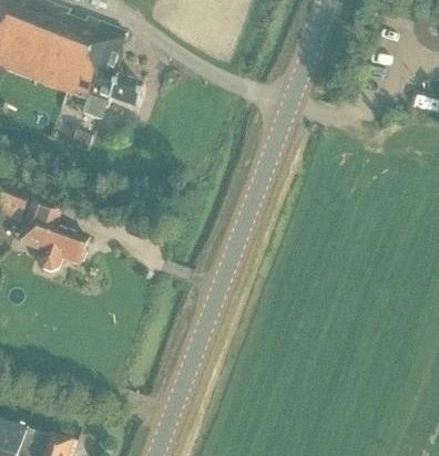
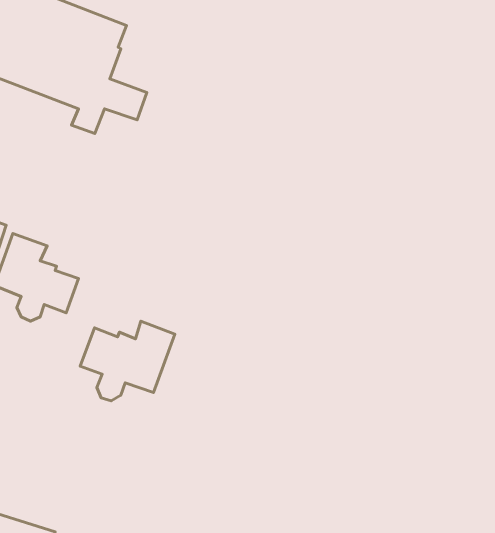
building: none -> [80,321,175,401]

